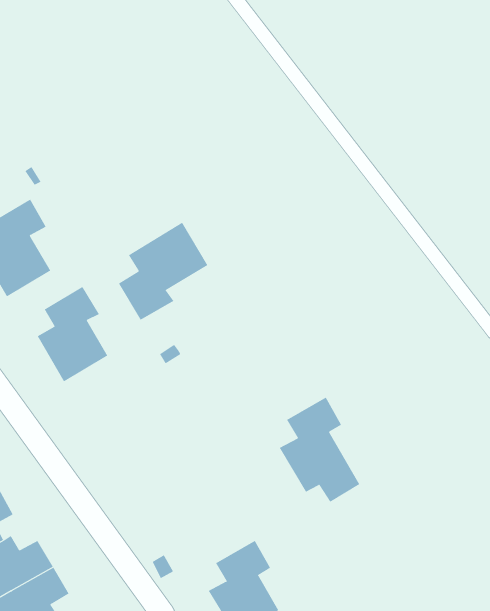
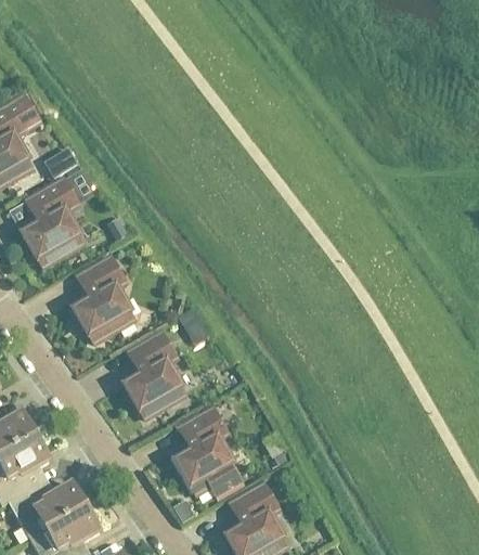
building: [118,222,208,321] -> none
building: none -> [121,332,185,416]
building: [279,397,360,502] -> [172,406,245,501]

